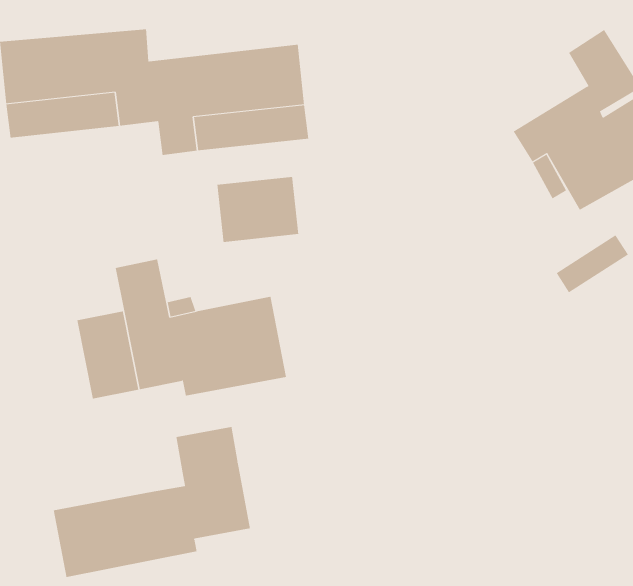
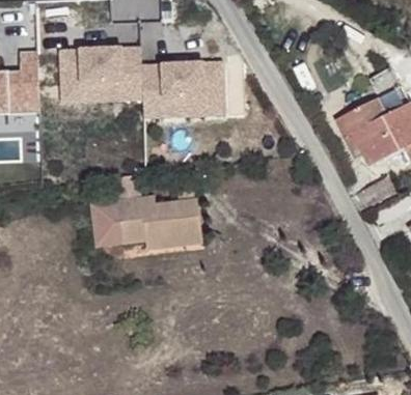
building: [217,176,299,243] -> none
building: [53,426,251,578] -> none

